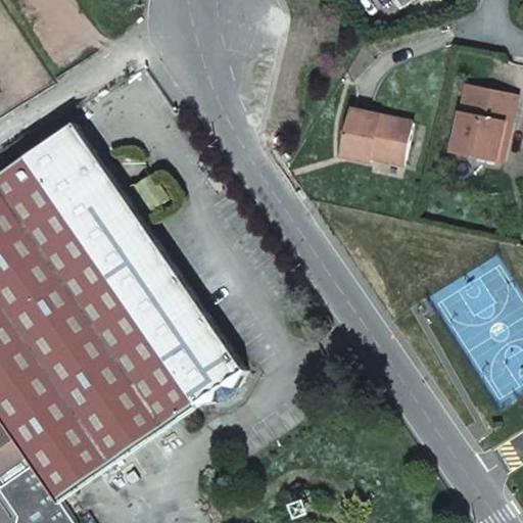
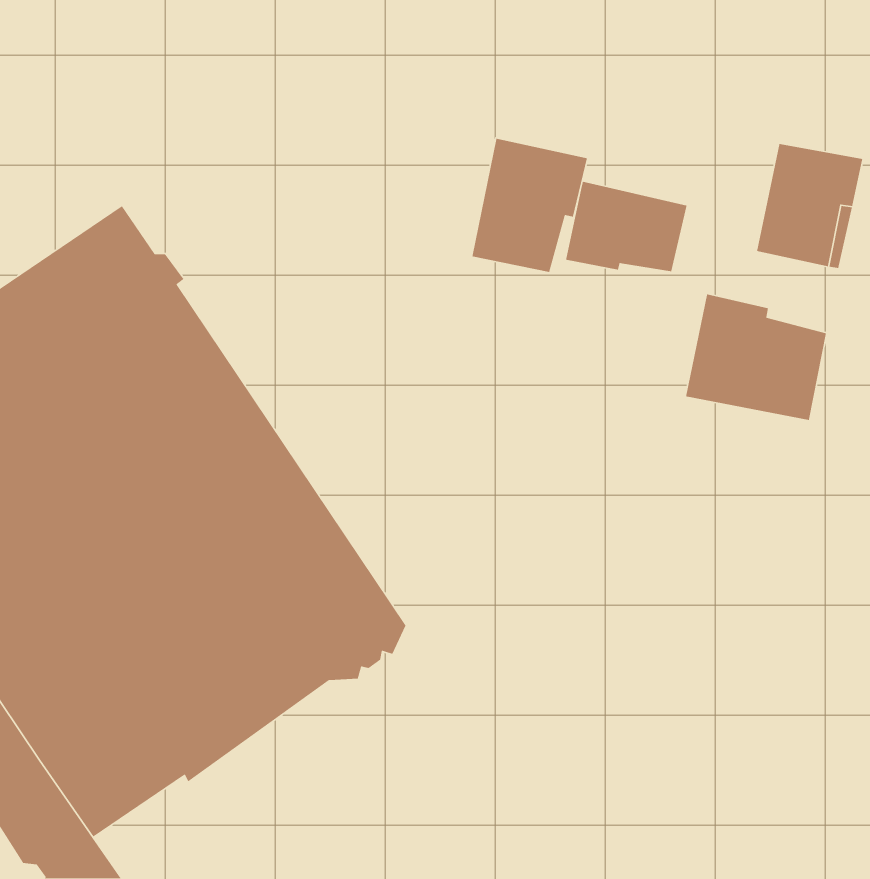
building: none -> [472,138,588,273]
building: none -> [685,293,827,421]

